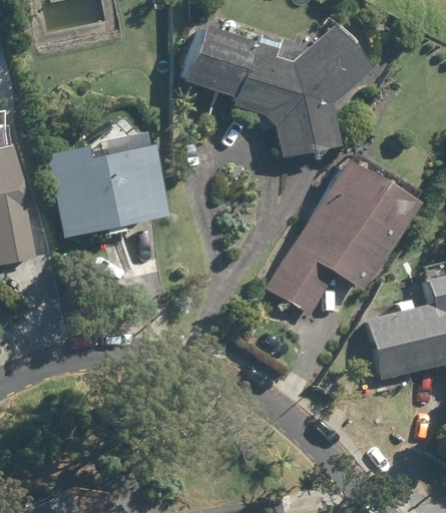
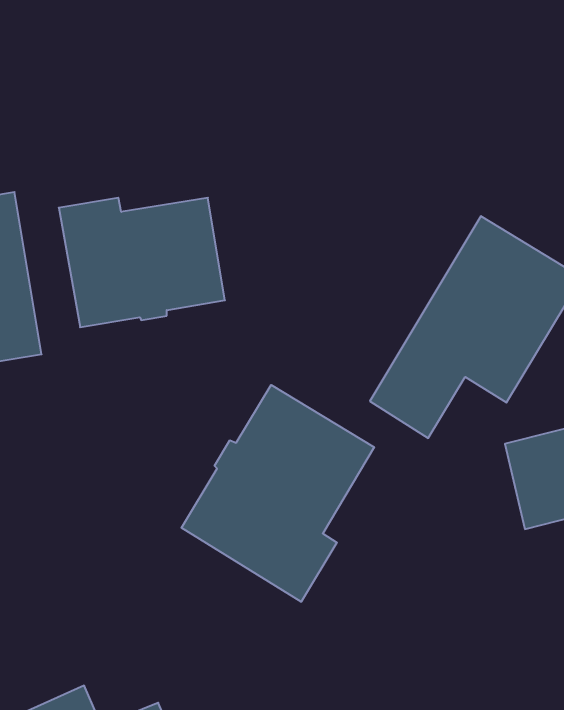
building: [185,24,373,156] -> none
building: none -> [181,385,374,602]

